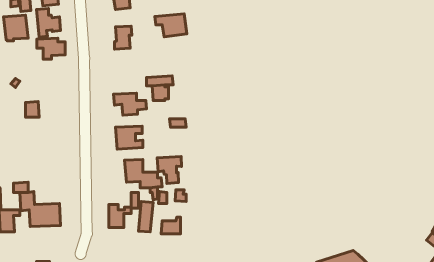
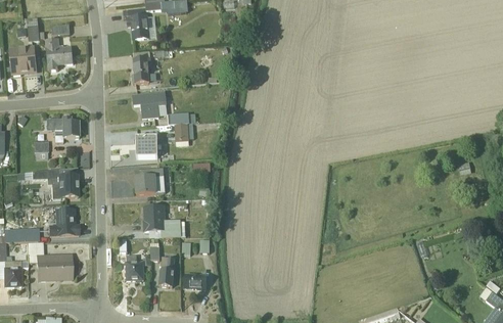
building: [155,14,187,37] -> [132,93,168,119]
building: [37,38,65,59] -> [46,120,78,143]
building: none -> [32,171,77,198]
building: [157,157,181,184] -> none
building: none -> [48,211,79,237]

